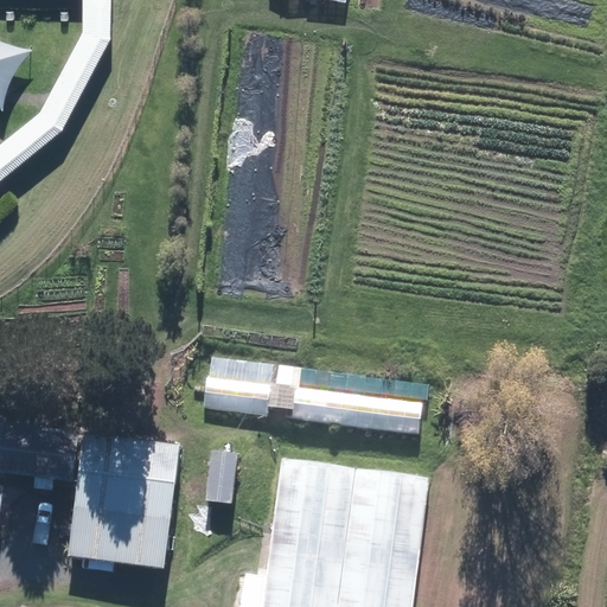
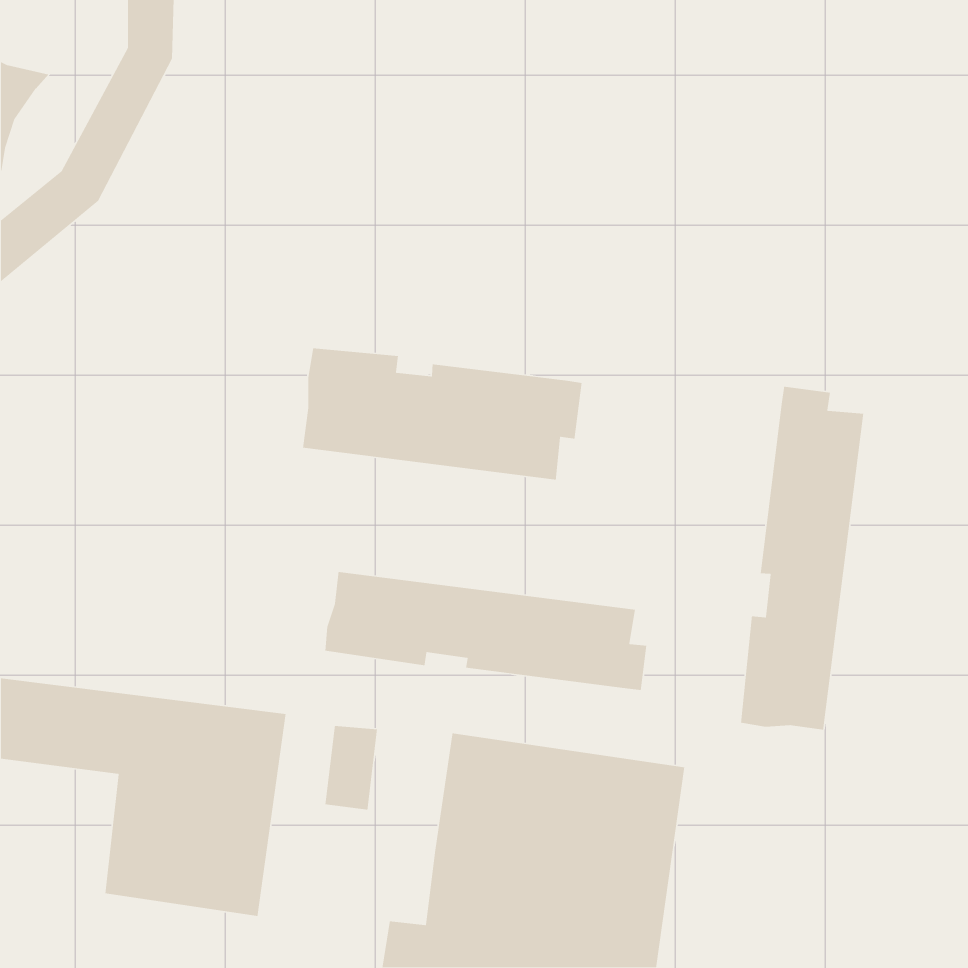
building: none -> [302,347,583,481]
building: none -> [740,386,864,730]

